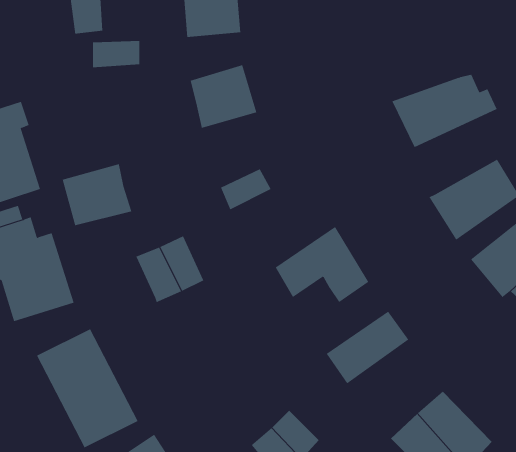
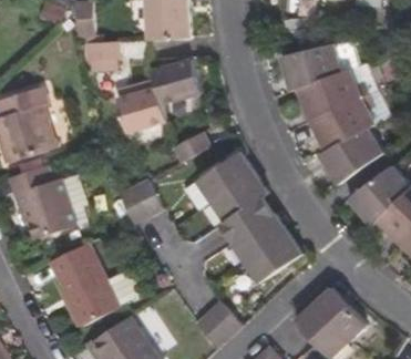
building: none -> [275,27,340,89]
building: none -> [309,92,373,151]
building: [62,164,132,226] -> [119,90,167,133]
building: none -> [198,152,255,202]
building: none -> [224,208,291,261]

